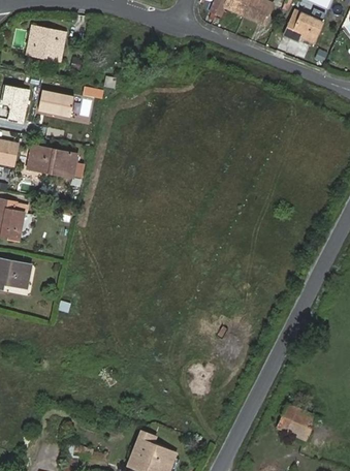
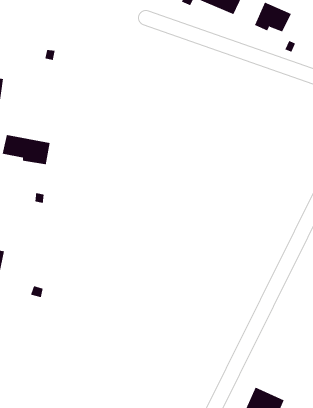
building: [30,26,65,61] -> none
building: [37,90,73,117] -> none

